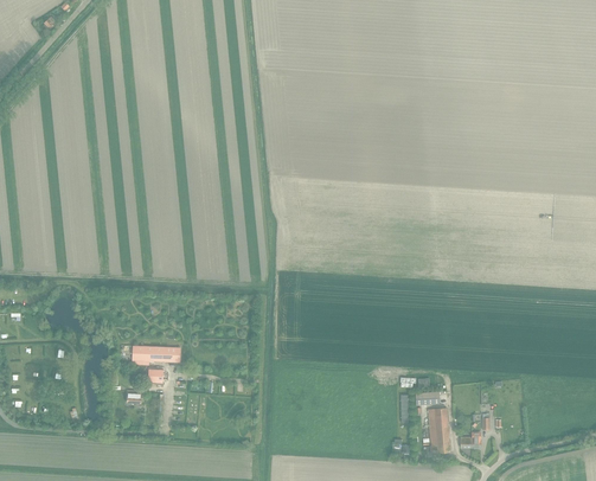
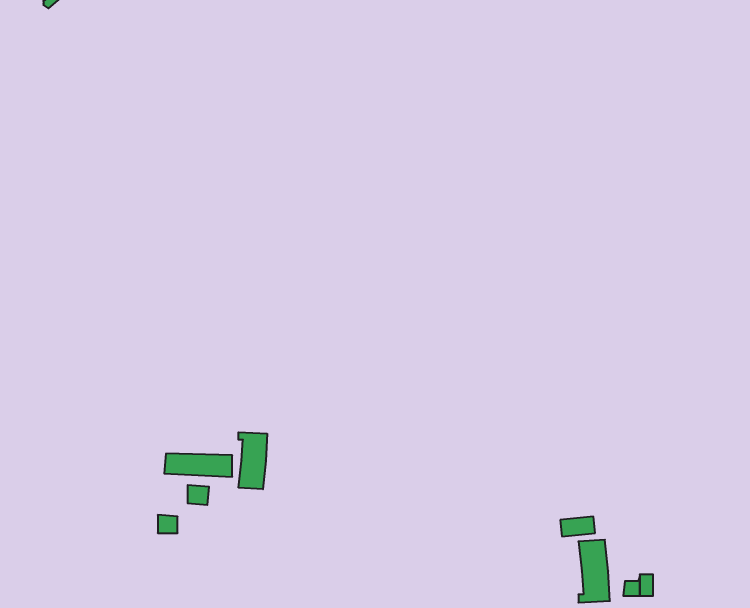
building: none -> [238,432,267,489]

